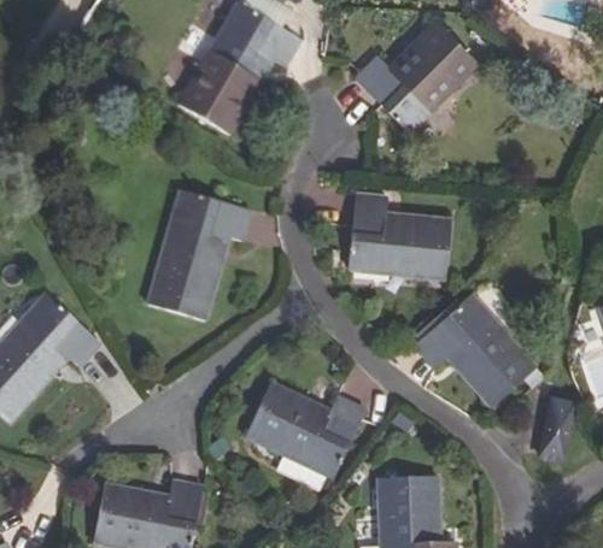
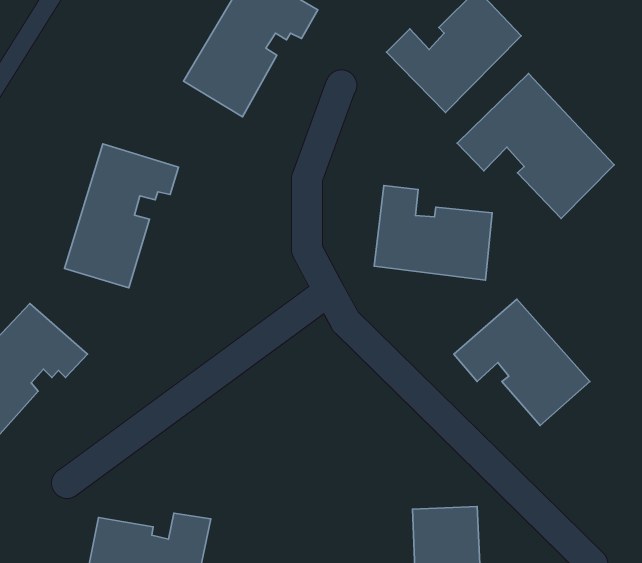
building: none -> [457,73,614,219]
building: [147,193,247,319] -> [64,144,178,288]
building: [247,383,364,475] -> none
building: [538,399,574,459] -> none

